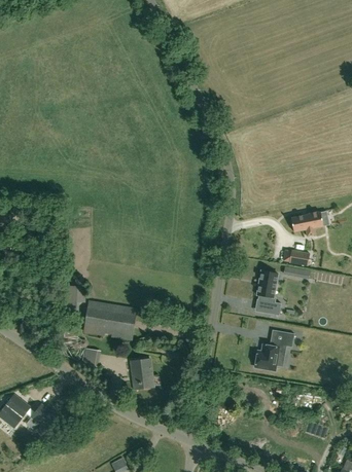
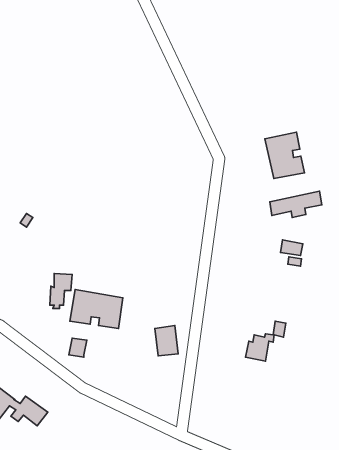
building: none -> [265,132,304,179]
building: [256,271,280,316] -> none
building: [130,359,152,389] -> [155,325,178,356]

